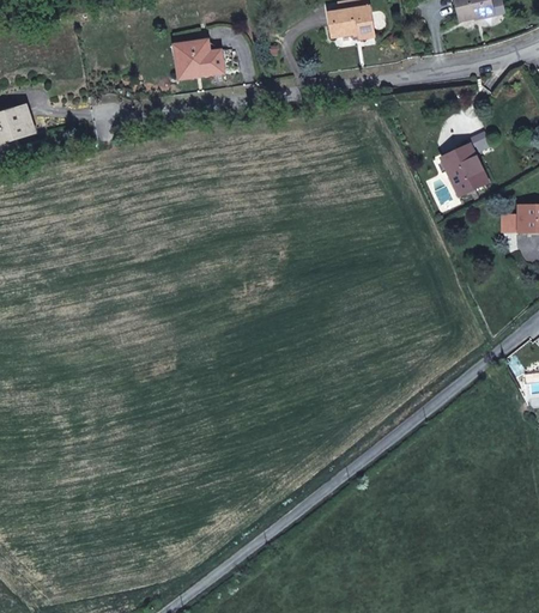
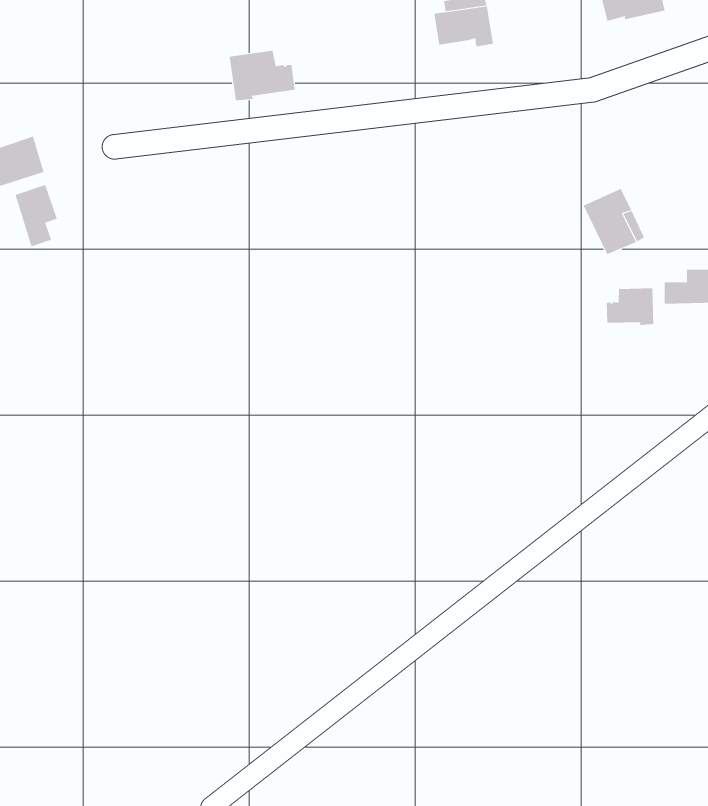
building: none -> [15,184,58,247]
building: none -> [606,288,654,326]

